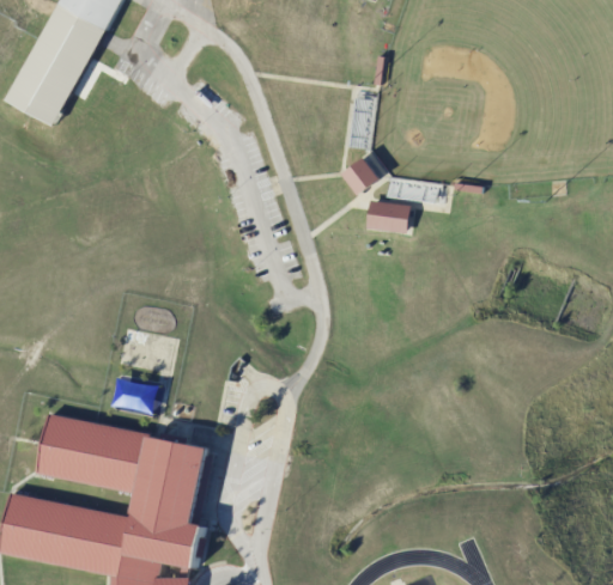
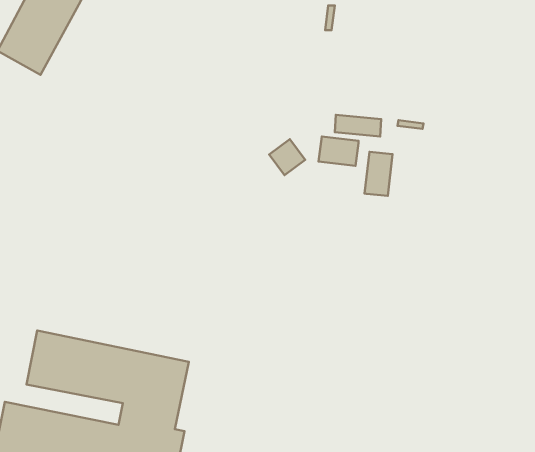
building: [335,156,375,195] -> [269,139,305,175]
building: none -> [365,152,393,196]

